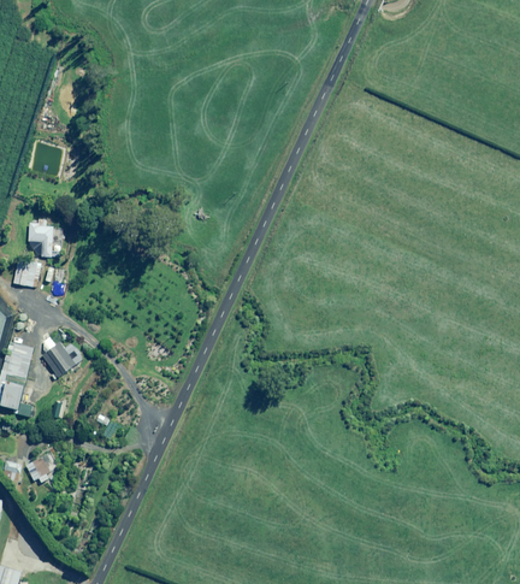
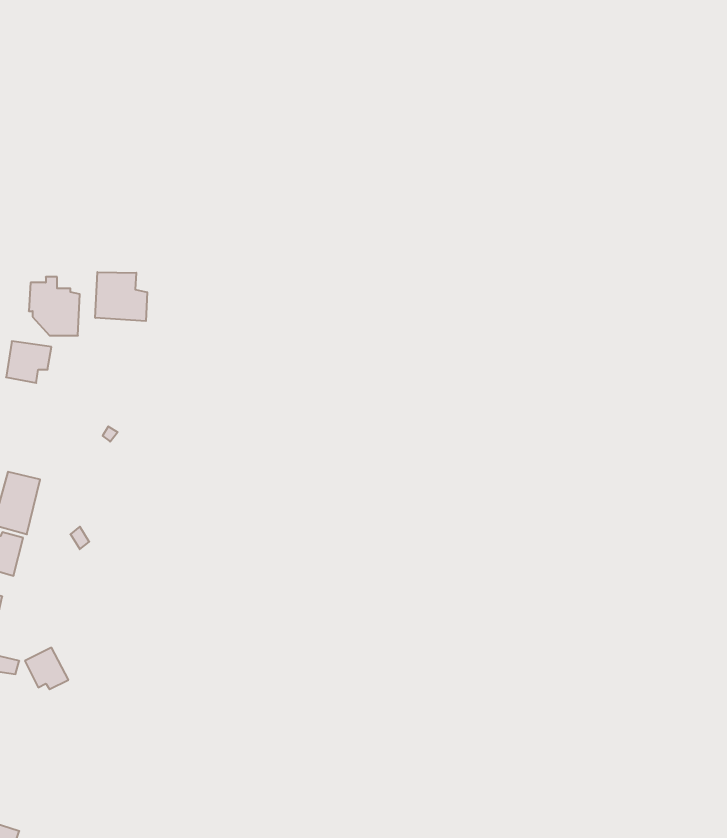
building: none -> [95,272,147,321]
building: [42,337,76,377] -> none

